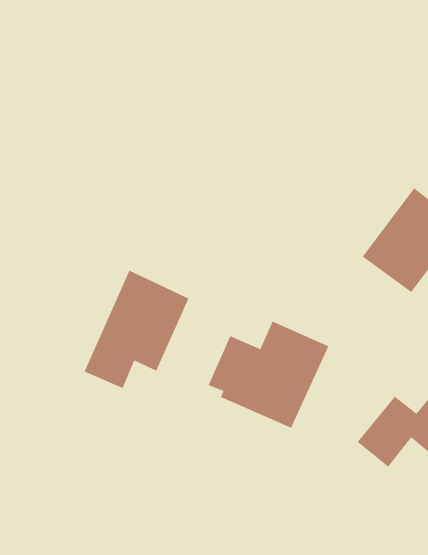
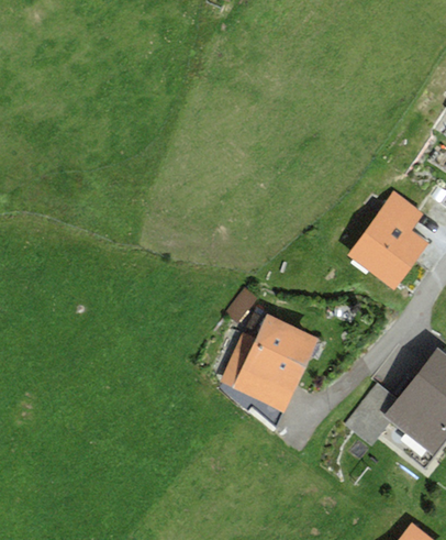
building: [84,270,189,389] -> none

